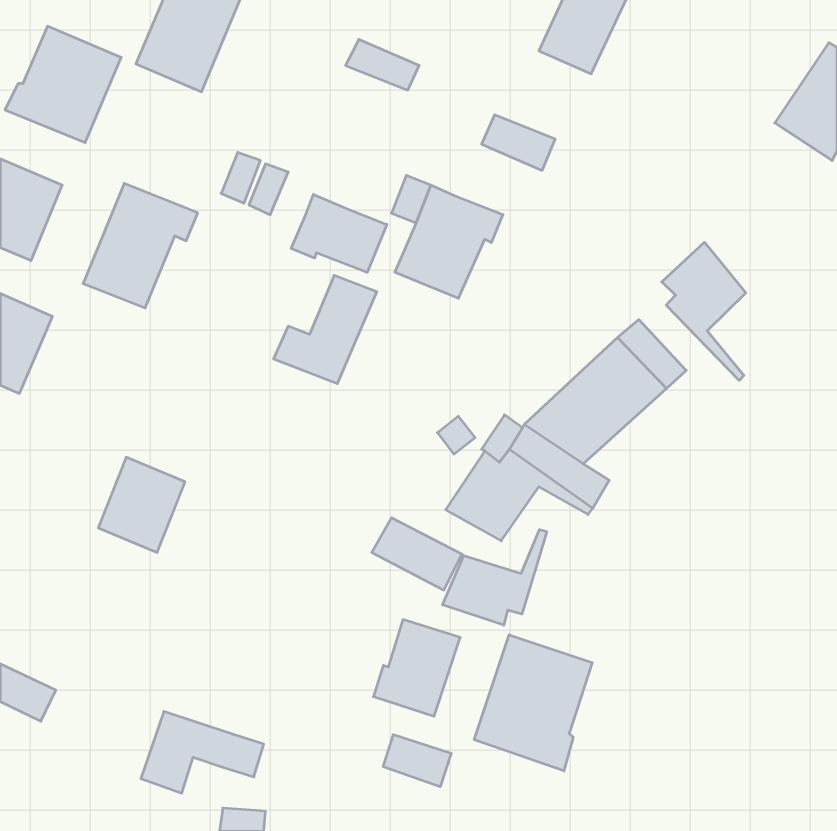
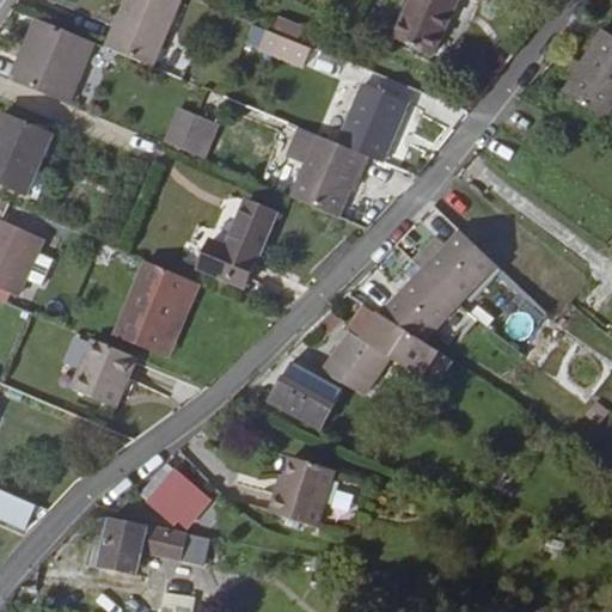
building: none -> [333,105,396,161]
building: [83,183,198,308] -> [121,255,204,345]
building: [291,194,387,272] -> none
building: [662,242,746,380] -> none
building: [443,530,547,625] -> none
building: none -> [140,460,209,522]
building: [474,635,592,771] -> none
building: [383,735,451,787] -> none

